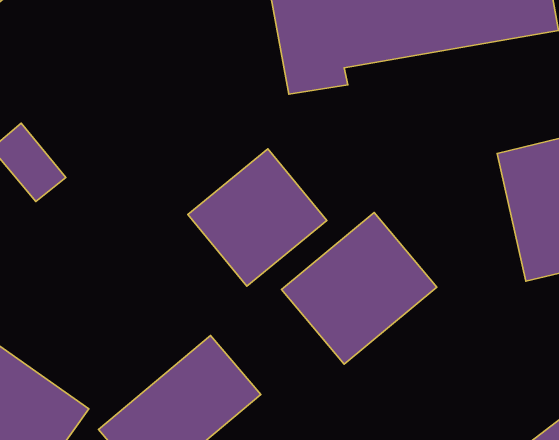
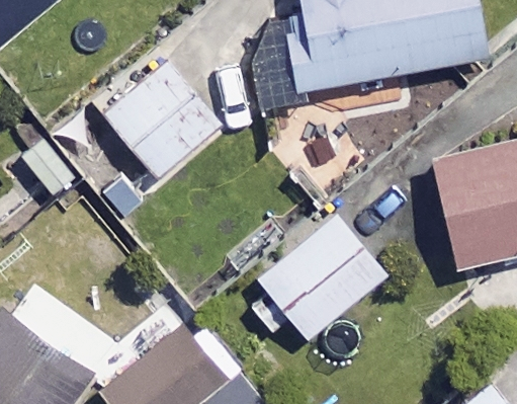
building: none -> [99,58,221,180]
building: [188,149,327,286] -> none

